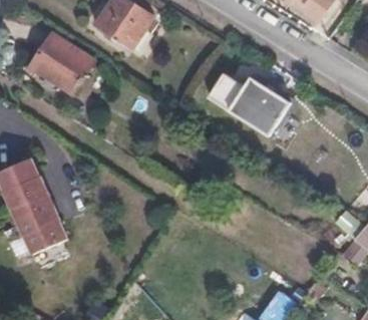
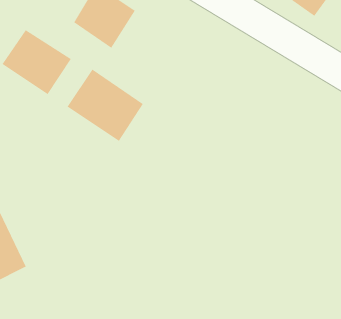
building: none -> [66,68,144,142]
building: [206,70,287,130] -> none

